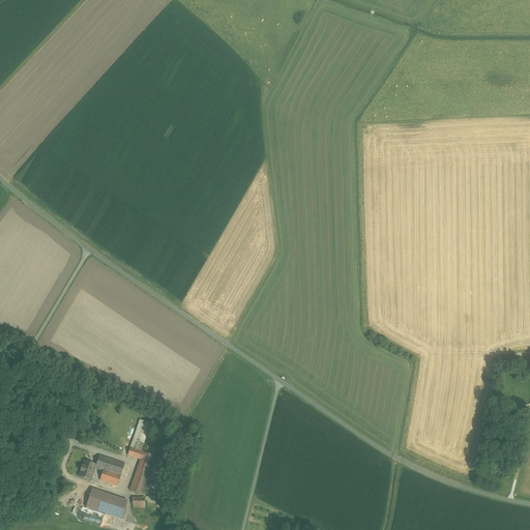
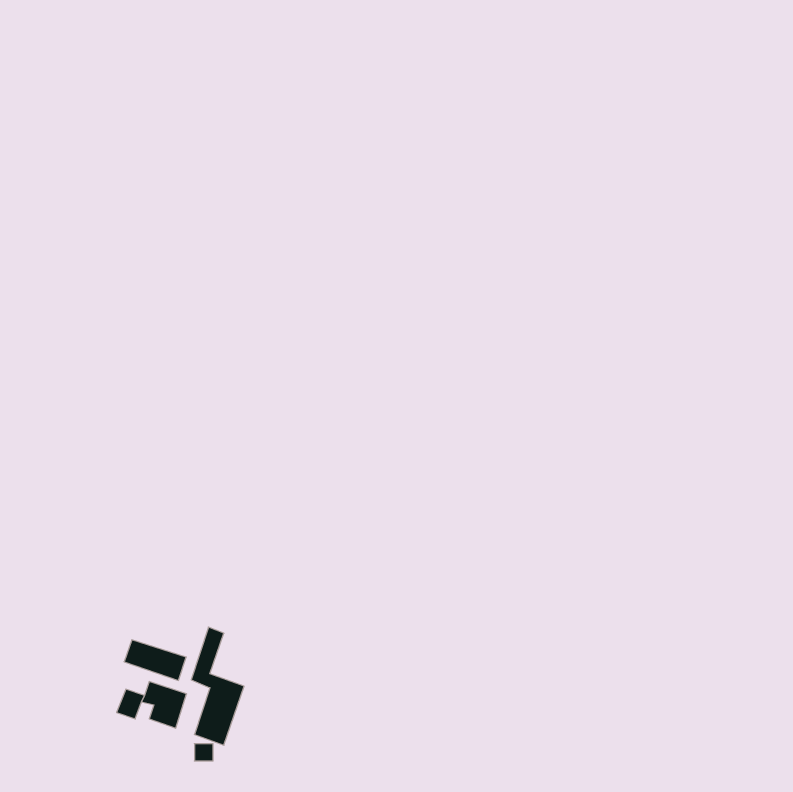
building: [85,491,126,518] -> [124,640,186,680]

